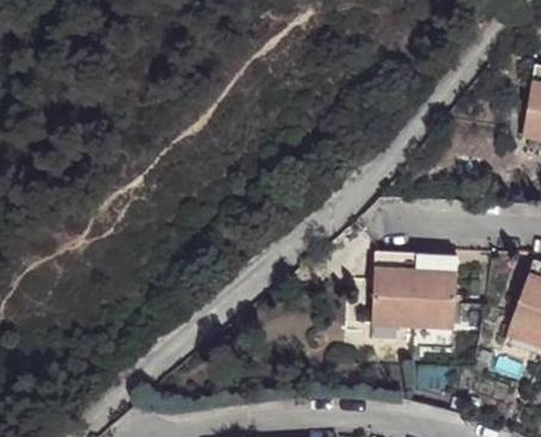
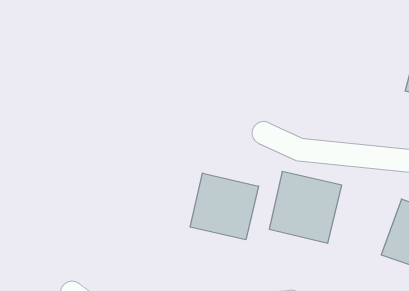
building: none -> [190,173,259,240]

